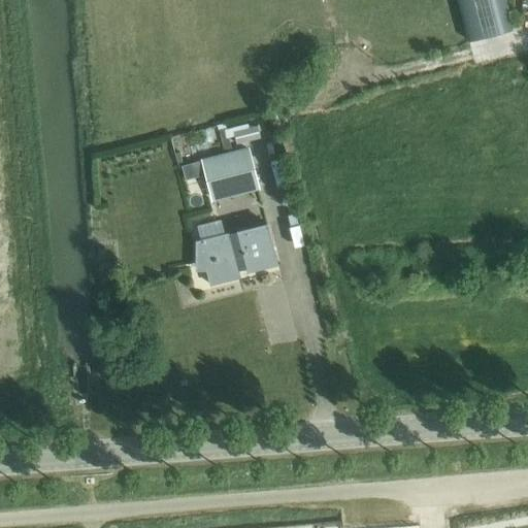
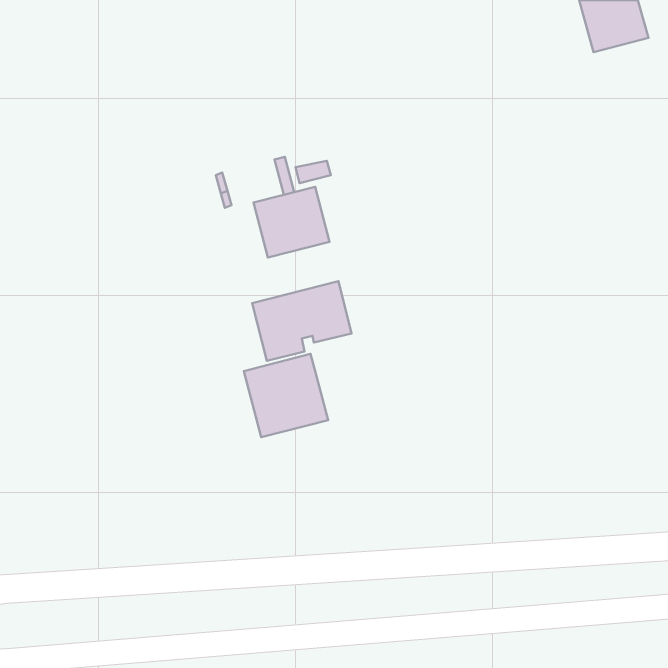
building: none -> [244,354,328,437]

